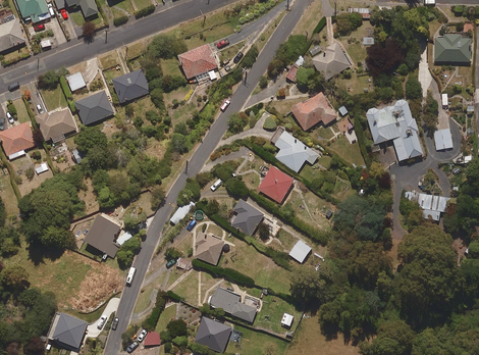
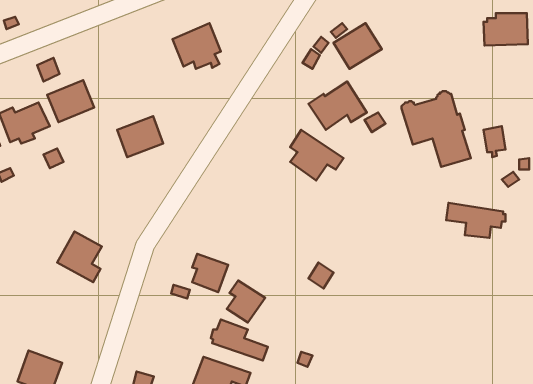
building: [112,68,150,102] -> [117,116,163,157]
building: [257,165,294,203] -> none
building: [231,200,263,235] -> [227,280,265,323]

